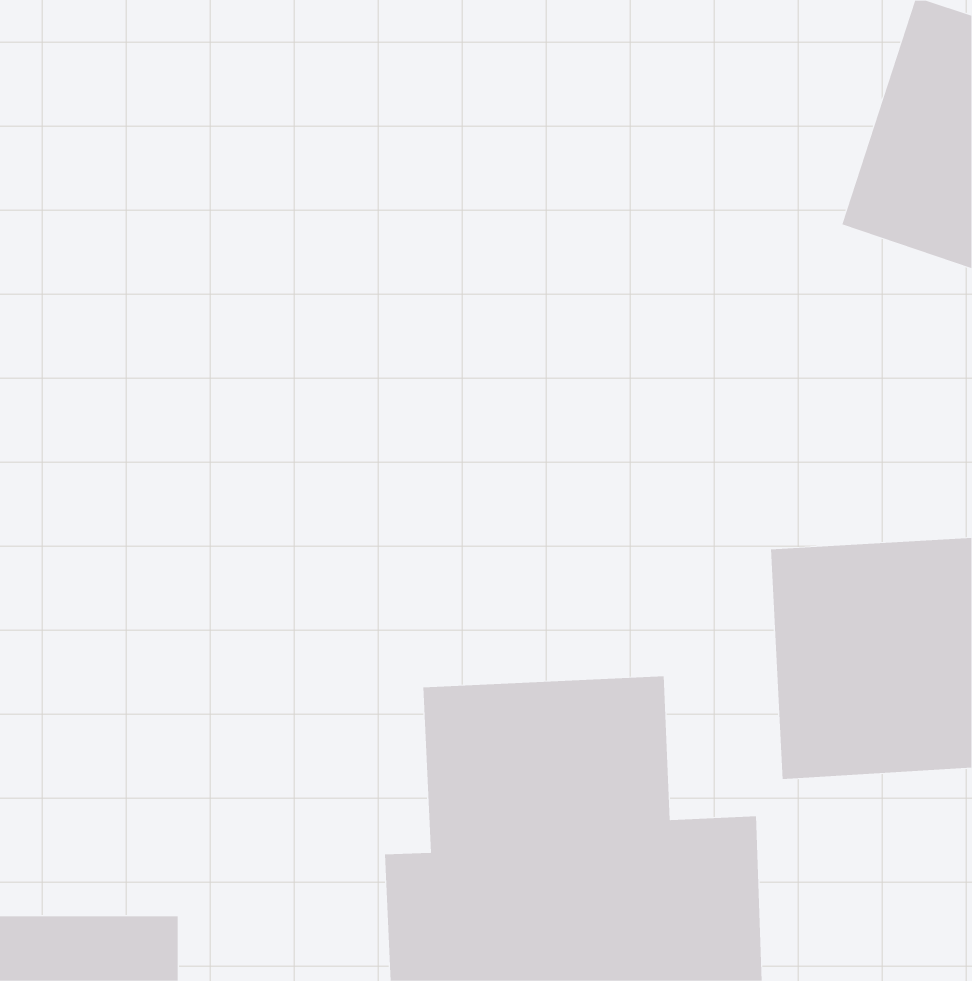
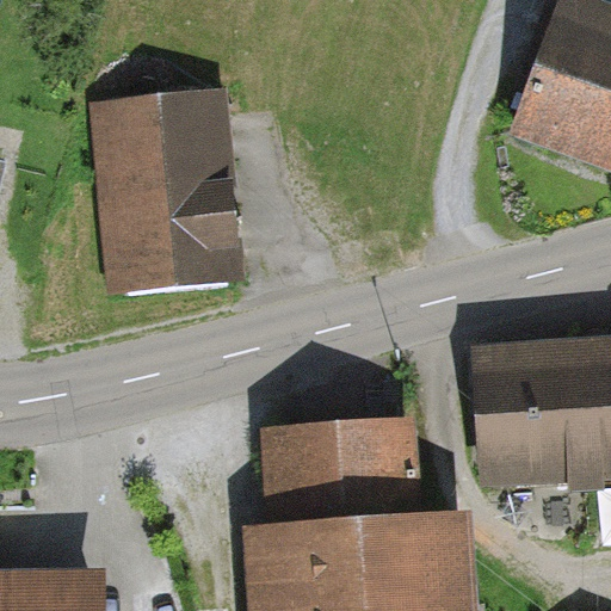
building: none -> [91,95,247,306]

